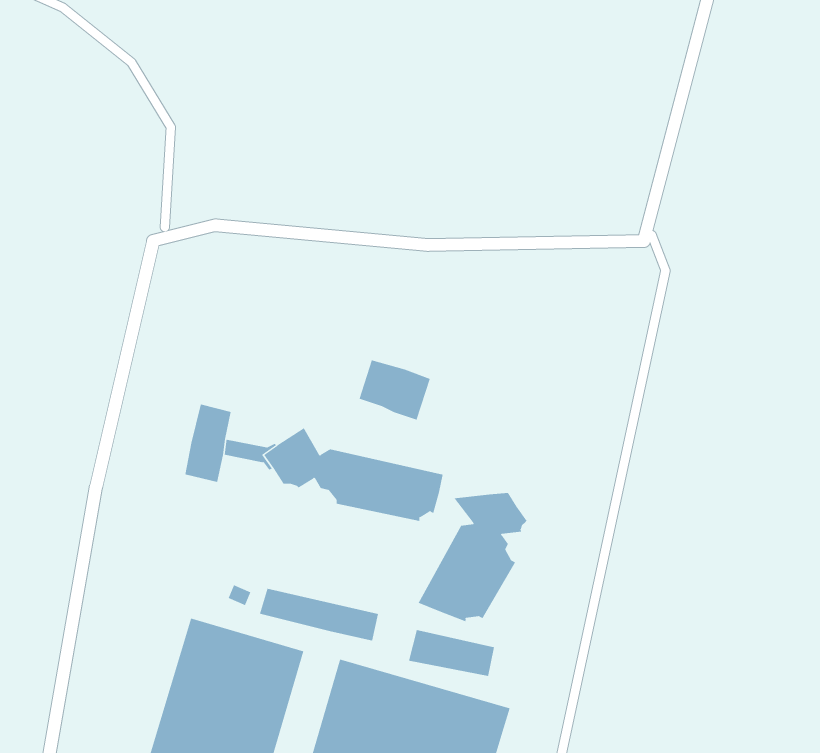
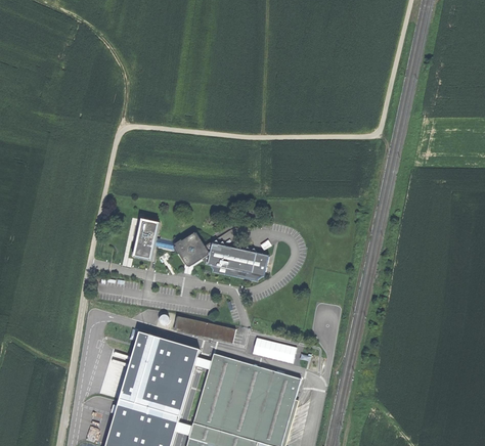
building: [359,359,430,421] -> none
building: [418,492,527,622] -> none

